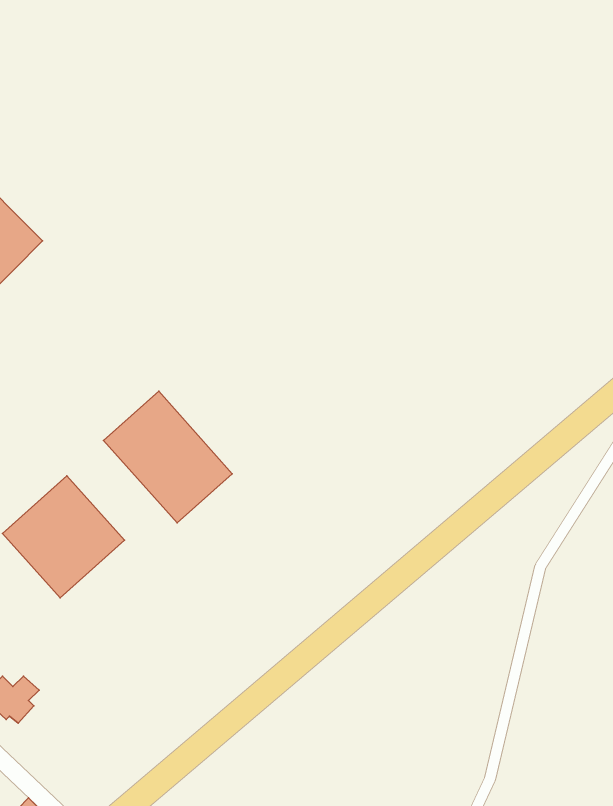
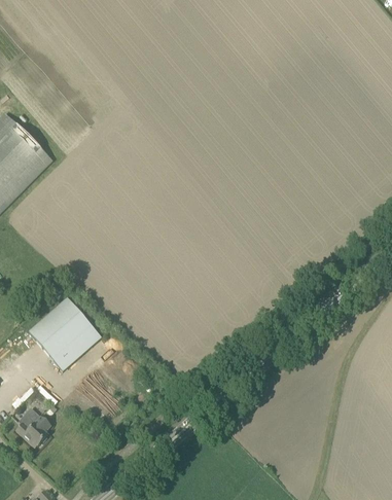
building: [104,391,232,523] -> none

